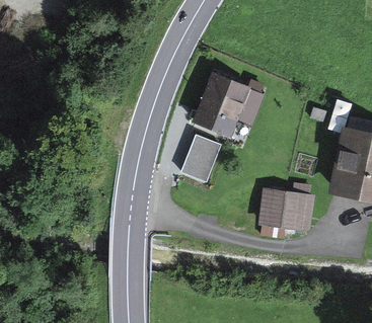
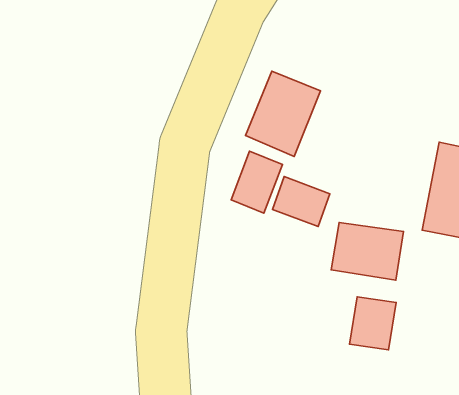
building: none -> [273,177,330,227]
building: none -> [349,297,396,350]

